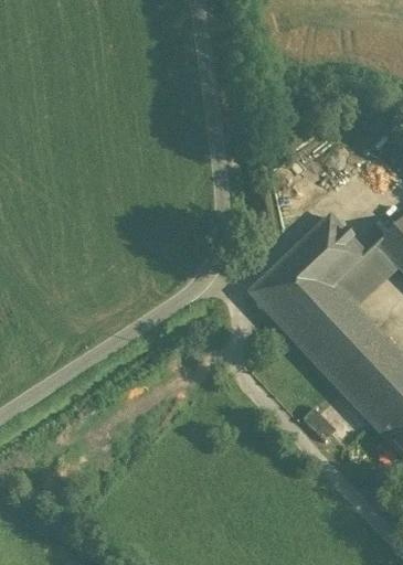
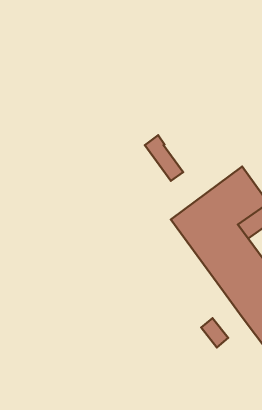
building: none -> [145,135,183,181]

